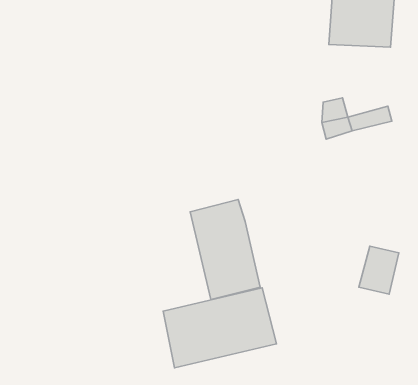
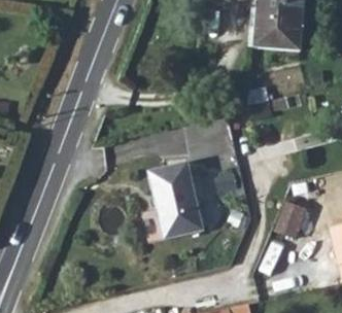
building: [163,288,276,368] -> none

